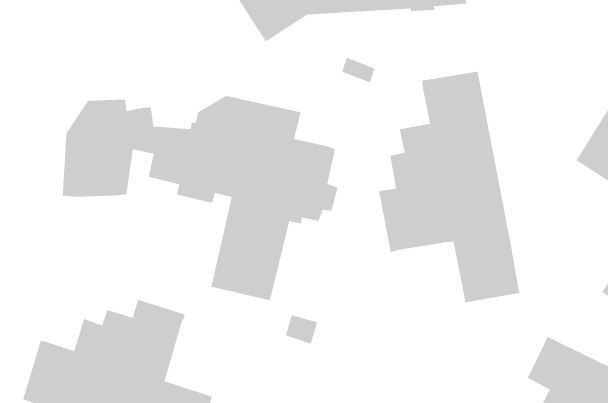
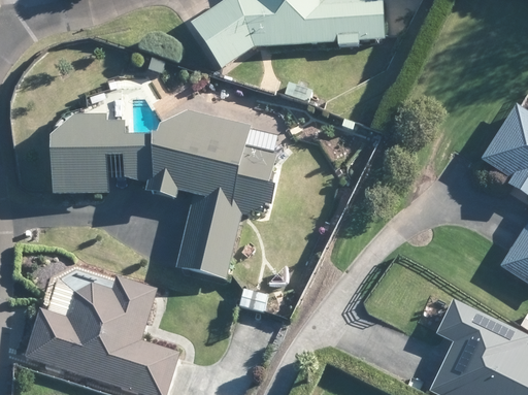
building: [378,71,520,303] -> none

